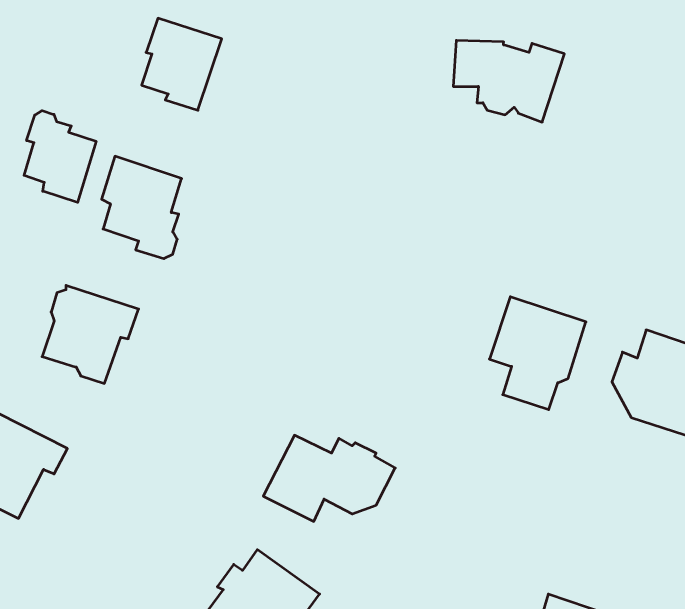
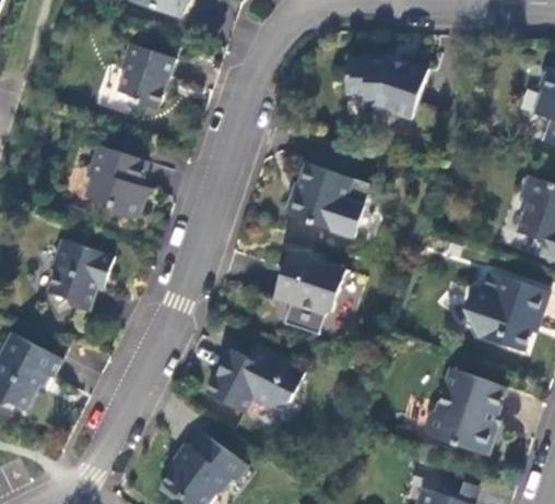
building: [24,111,96,202] -> none
building: none -> [287,163,355,231]
building: [489,297,586,410] -> [275,251,346,334]
building: none -> [425,369,507,455]

